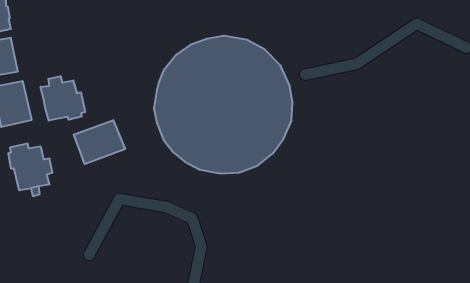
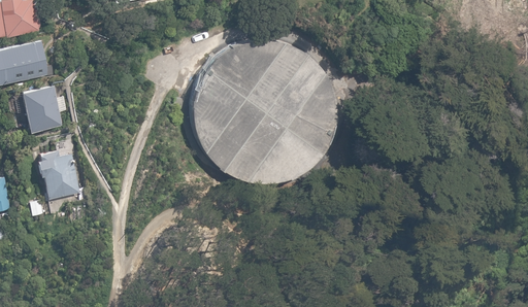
building: [41,76,85,121] -> none
building: [74,120,125,164] -> none

